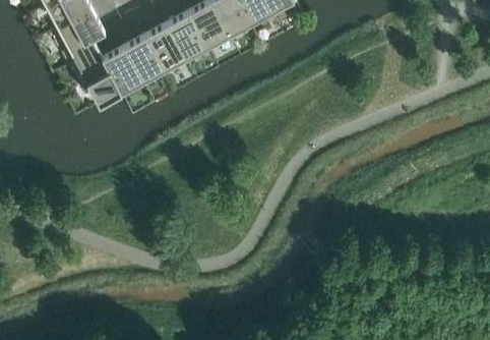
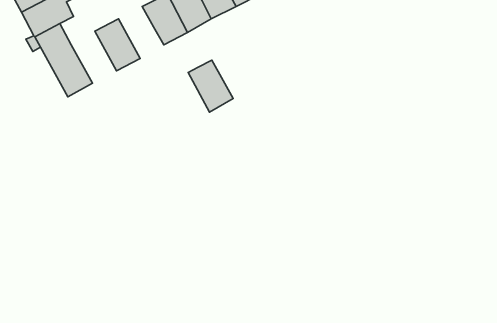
building: [145,23,186,70] -> [188,60,233,112]
building: [103,46,143,93] -> none

